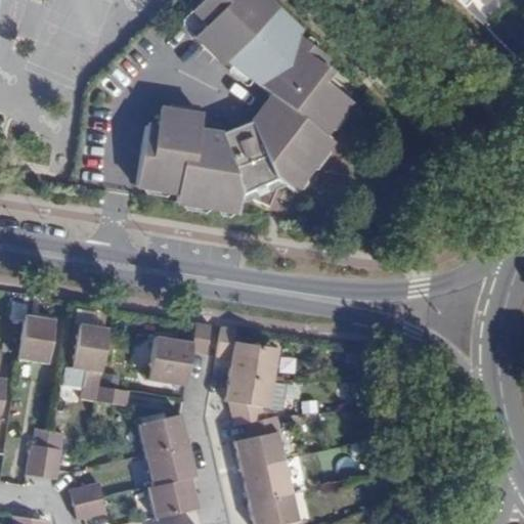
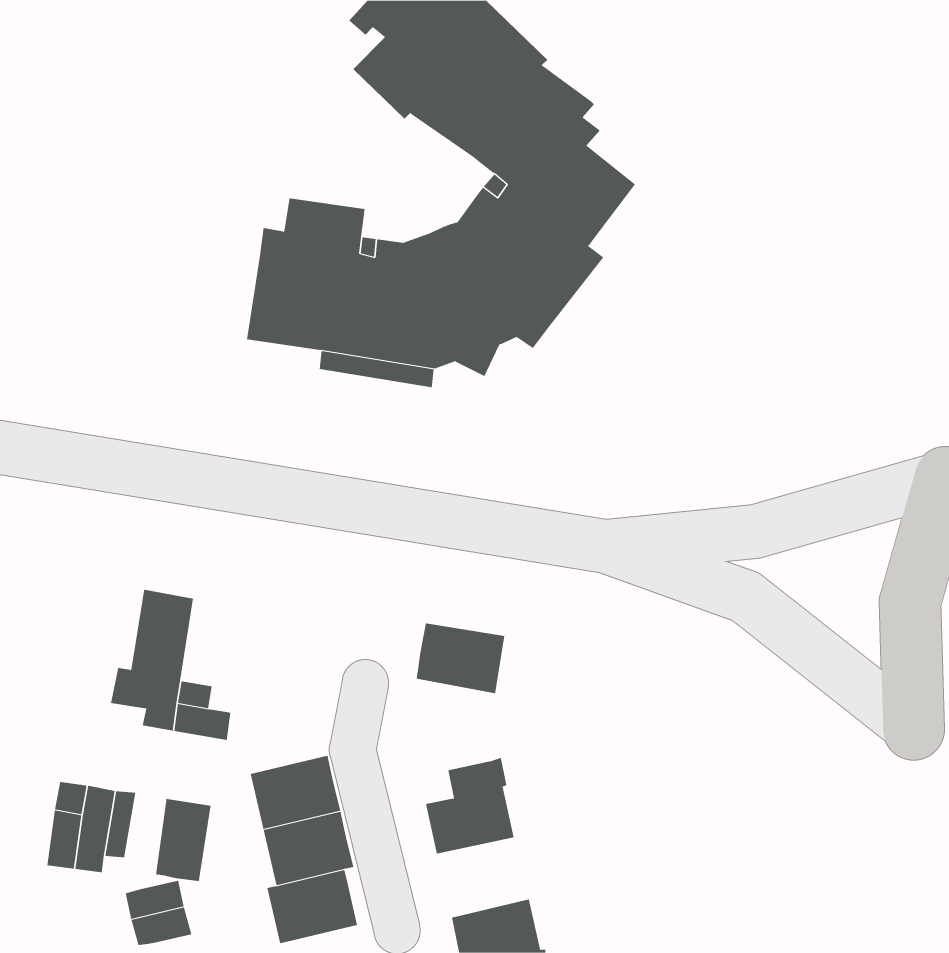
building: [20,315,55,363] -> none
building: [149,322,212,386] -> none
building: [226,373,289,426] -> none
building: none -> [155,798,211,882]
building: [242,460,293,504] -> none

